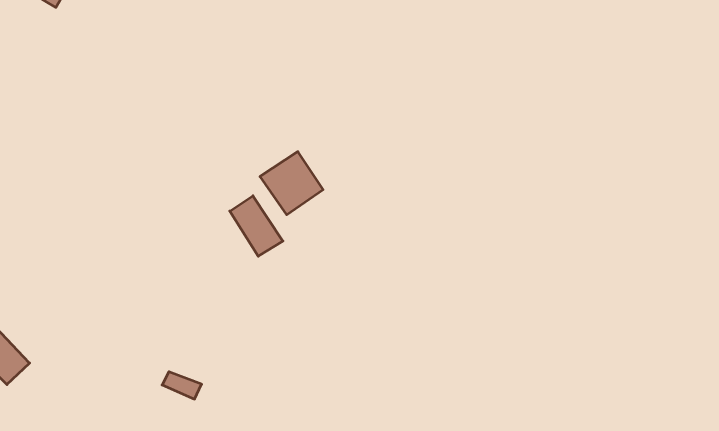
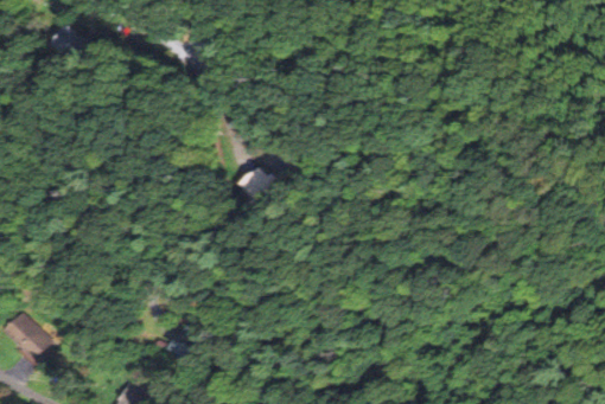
building: [230,196,283,256] -> none

